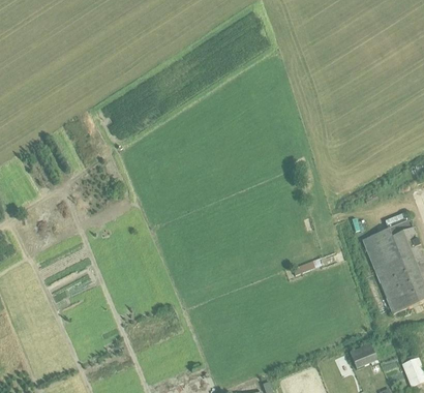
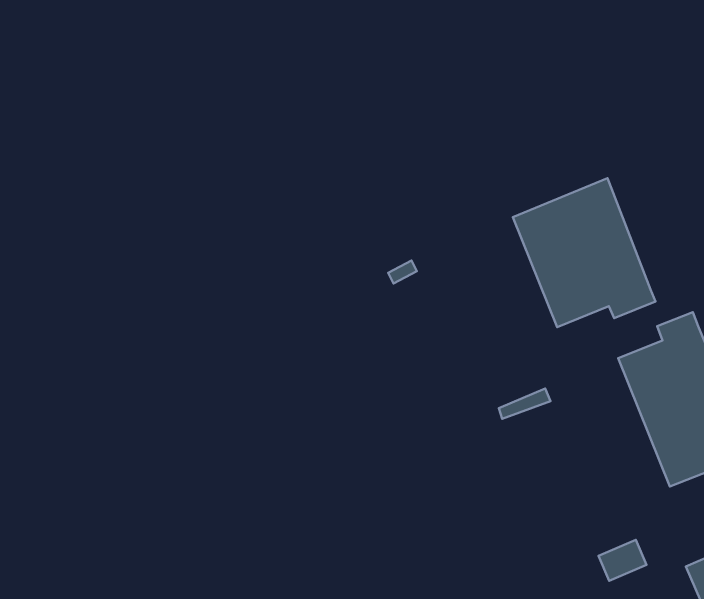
building: none -> [513,178,656,327]

